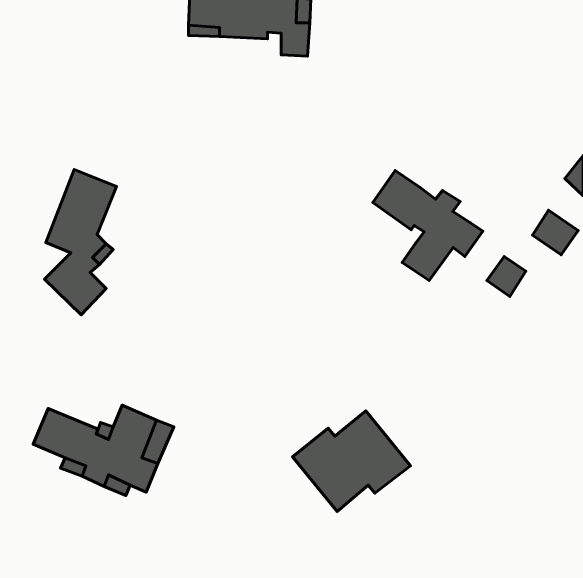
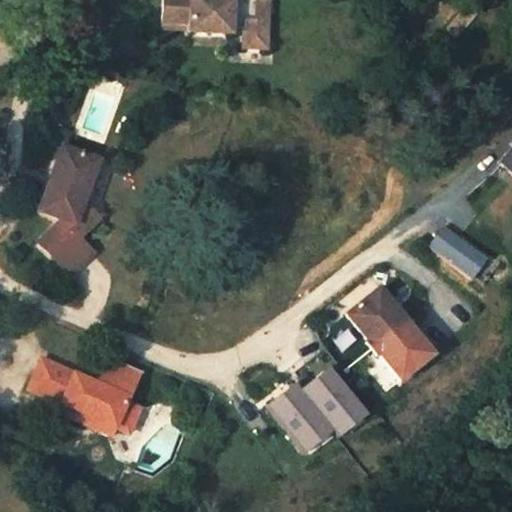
building: [373,170,483,281] -> none
building: [532,210,578,255] -> [446,237,486,276]
building: none -> [349,287,435,379]

